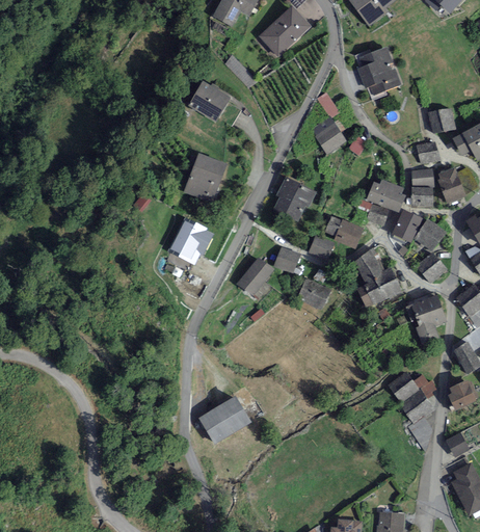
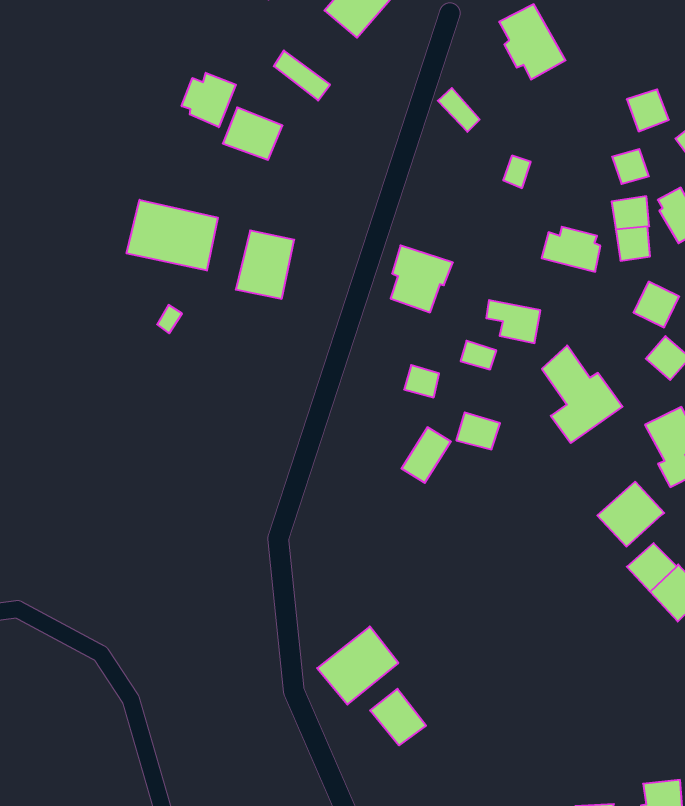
building: none -> [182,73,236,127]
building: [314,118,345,152] -> none
building: none -> [127,200,218,271]
building: [395,211,421,240] -> none
building: [168,220,211,271] -> none
building: [241,260,272,292] -> [401,427,451,483]
building: none -> [597,482,664,547]
building: none -> [370,689,426,745]

